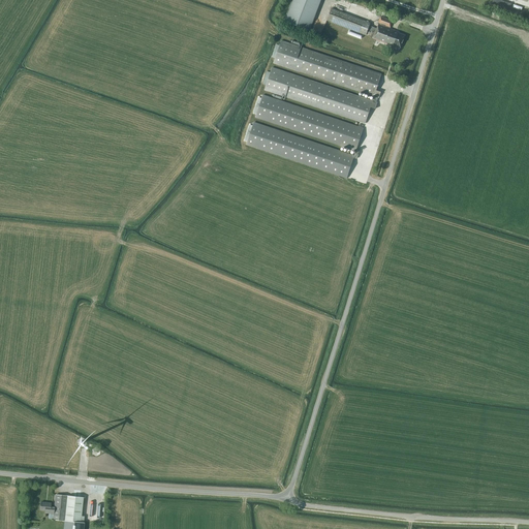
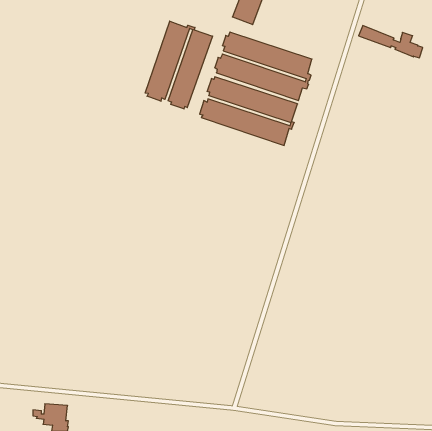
building: [326,7,405,46] -> [359,26,423,58]
building: none -> [145,21,213,109]

